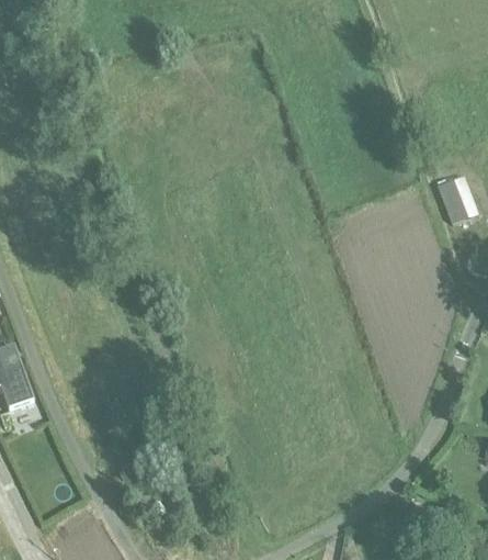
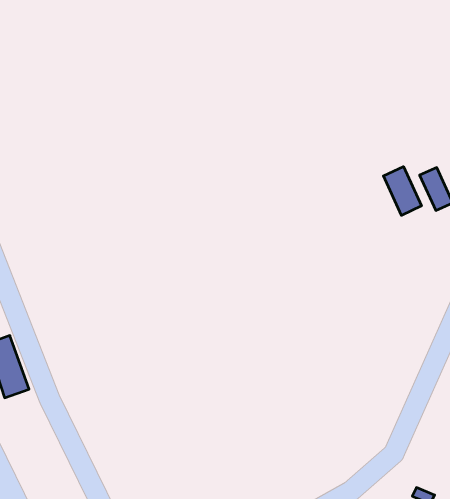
building: none -> [383,167,421,215]

